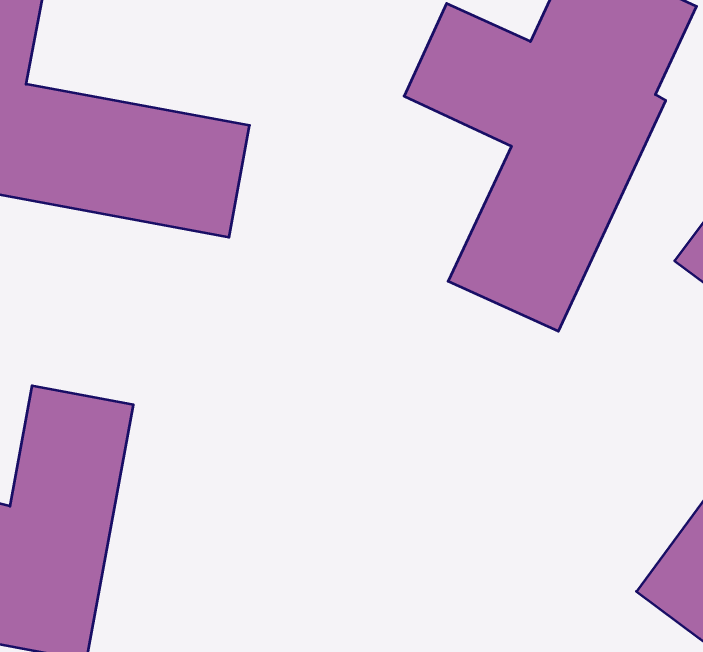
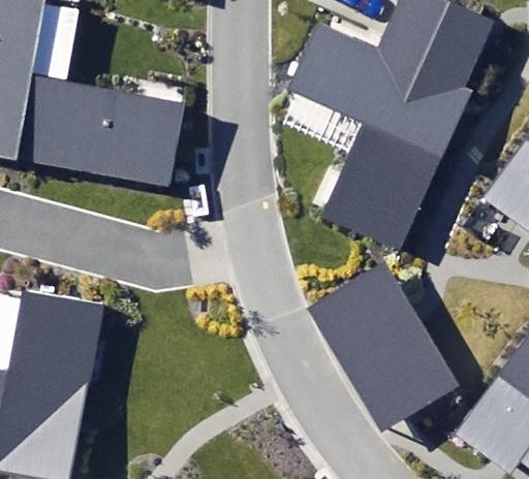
building: none -> [306,264,460,428]

